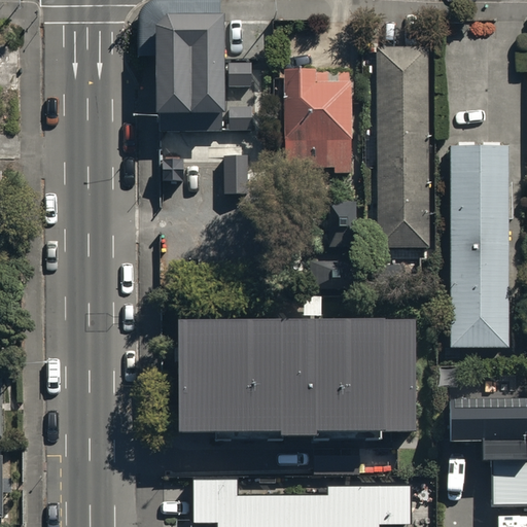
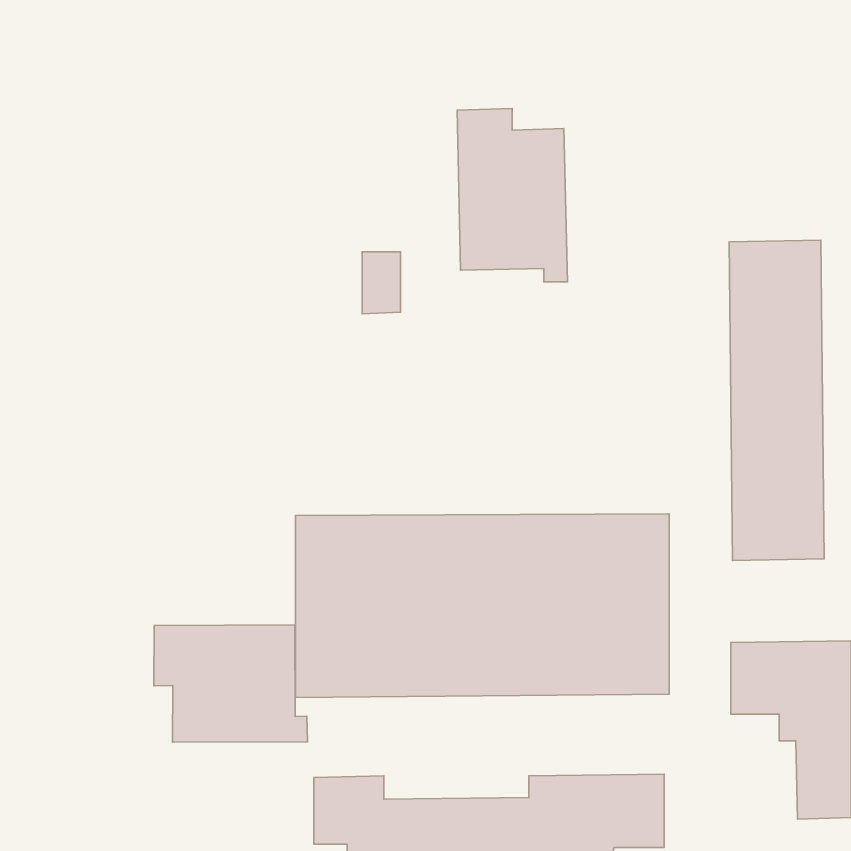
building: [157,14,223,133] -> none
building: [377,48,430,247] -> none
building: none -> [154,625,307,742]

